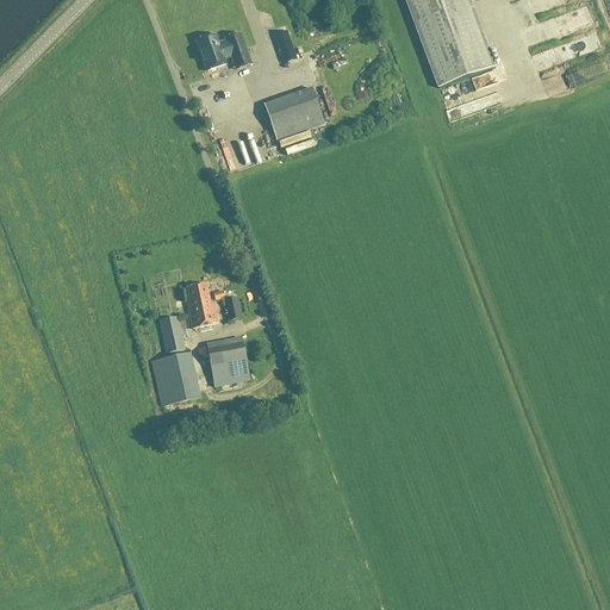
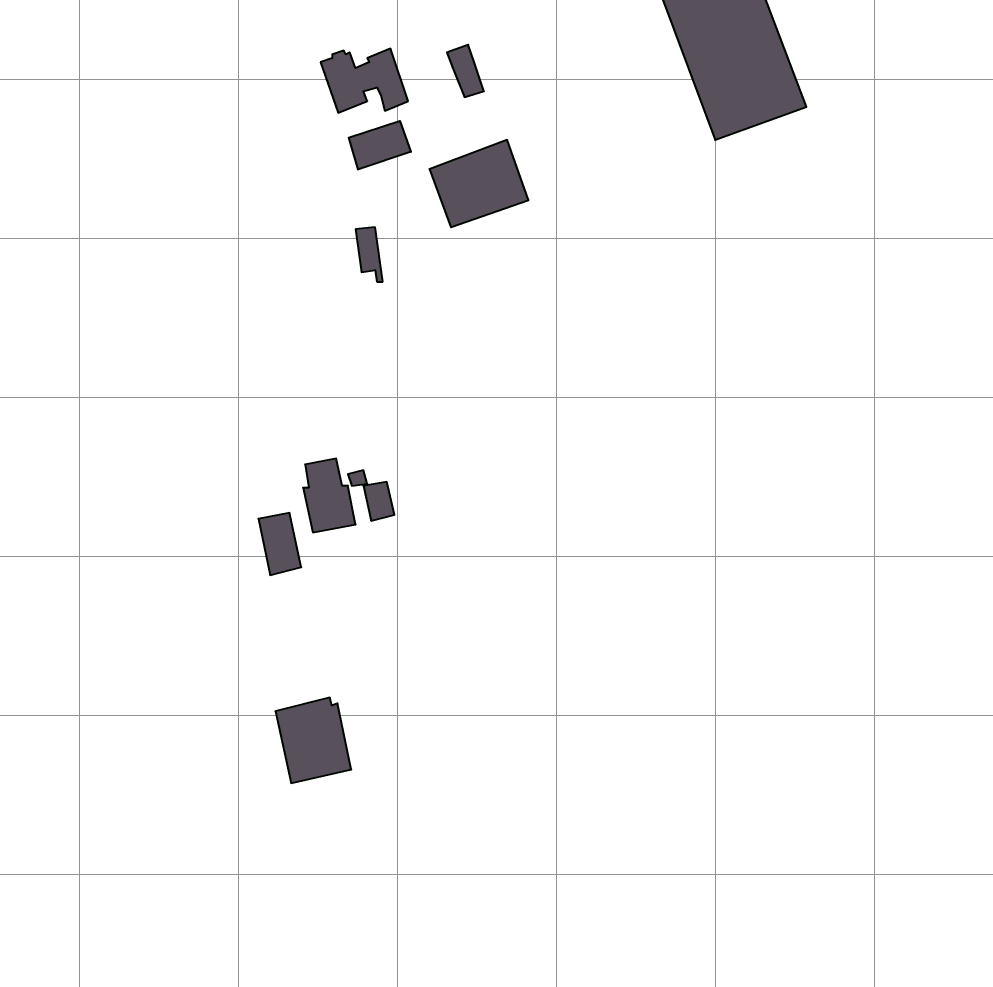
building: none -> [349,121,411,170]
building: [206,336,250,385] -> none
building: [152,351,199,404] -> [275,698,351,783]

